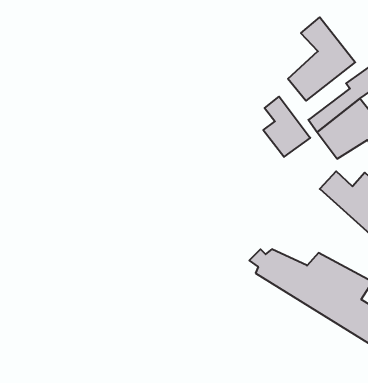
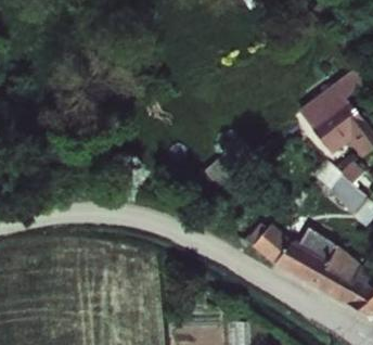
building: [288,17,355,101] -> none
building: [263,97,310,157] -> none

